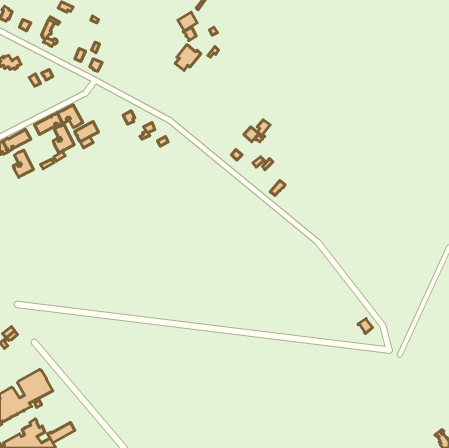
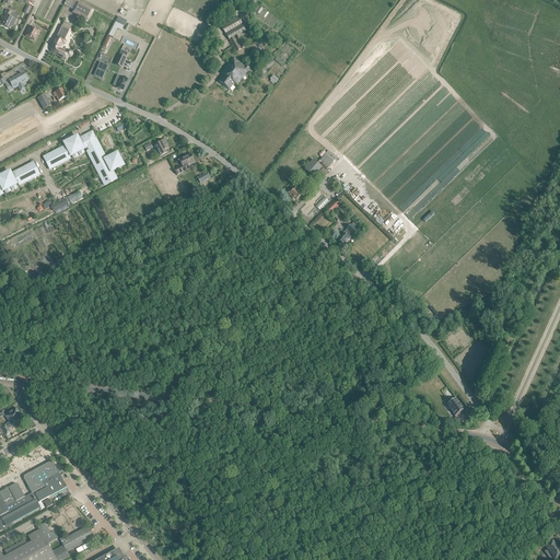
building: [53,125,74,153] -> none
building: [13,150,33,178] -> none

